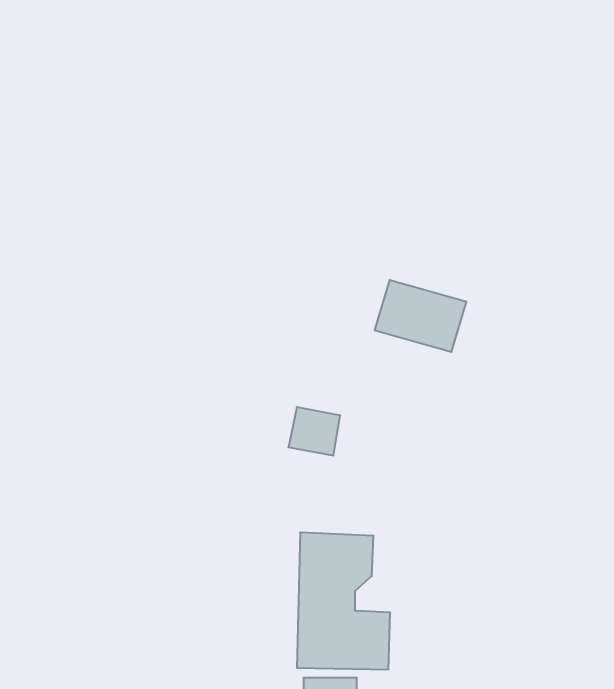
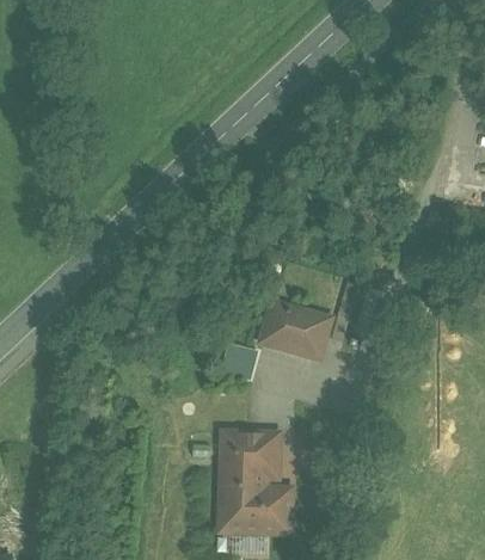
building: [375,280,466,352] -> [263,304,329,356]

